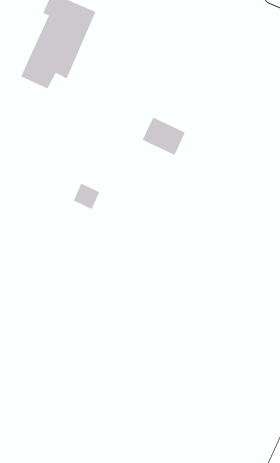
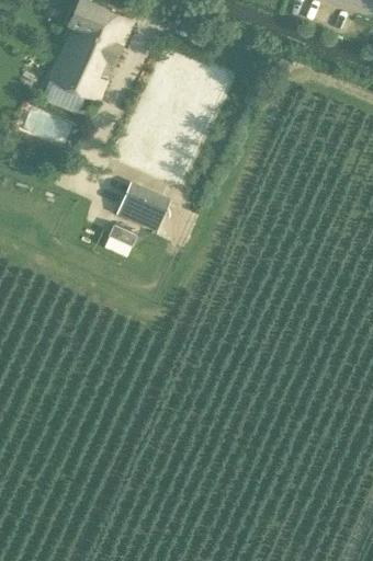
building: [142,116,186,156] -> [117,181,170,228]

